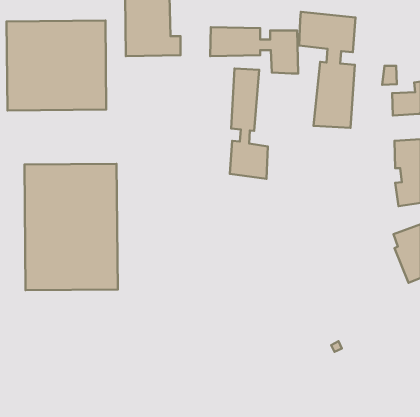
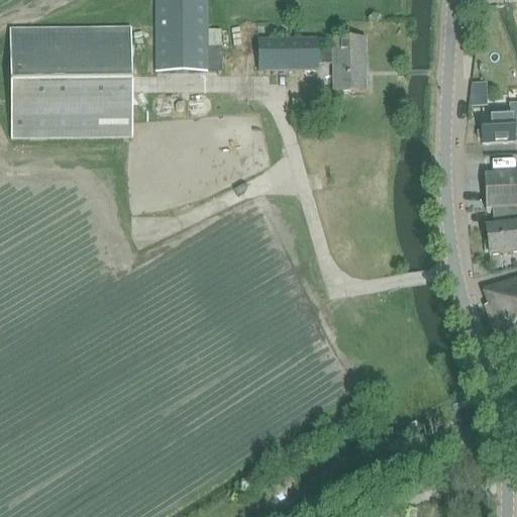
building: [299,12,356,128] -> none
building: [230,68,268,179] -> none
building: [25,164,118,290] -> none

